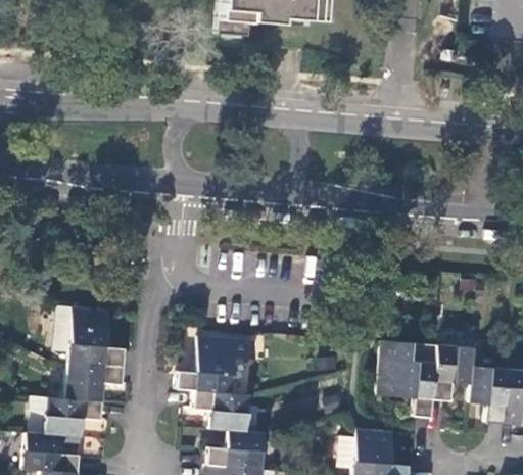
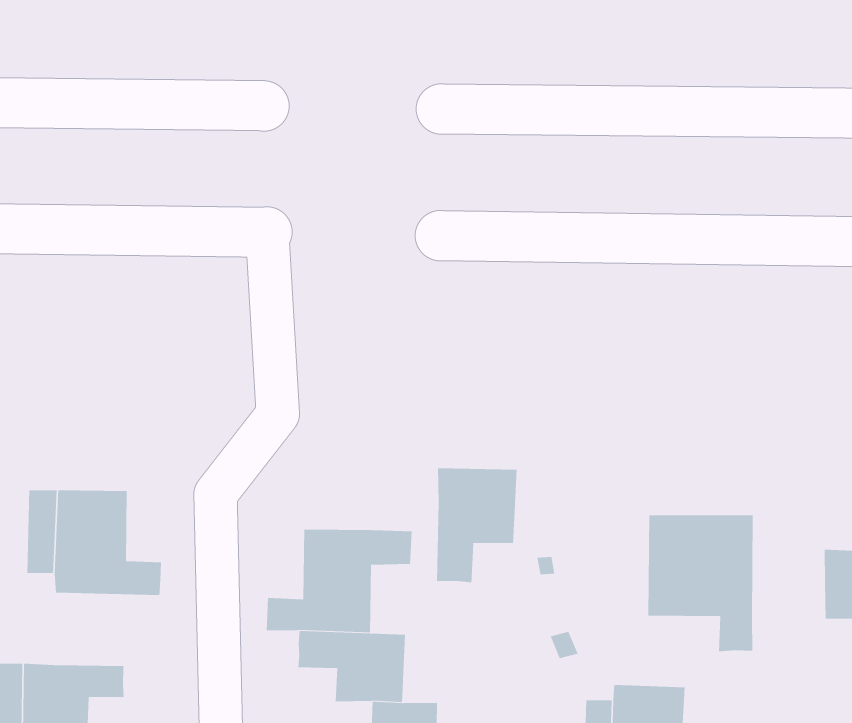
building: none -> [436,467,517,583]
building: [433,344,475,400] -> none
building: [64,360,123,400] -> none

